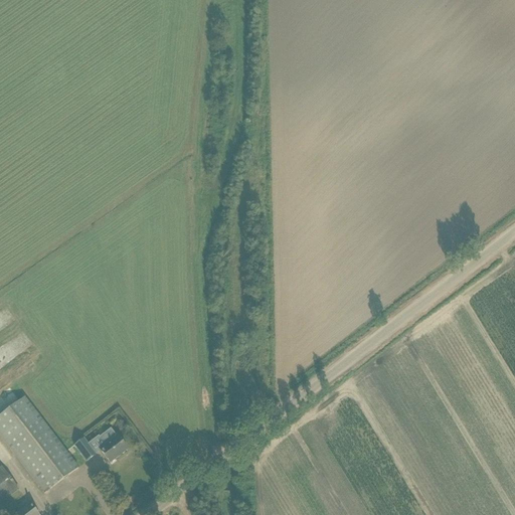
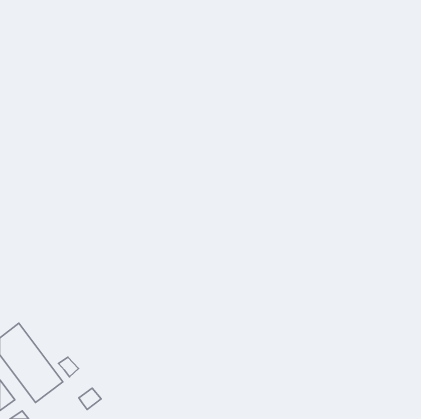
building: [99,434,126,460] -> [79,388,101,410]

